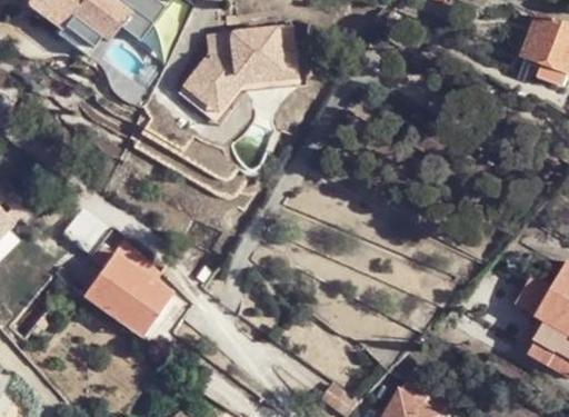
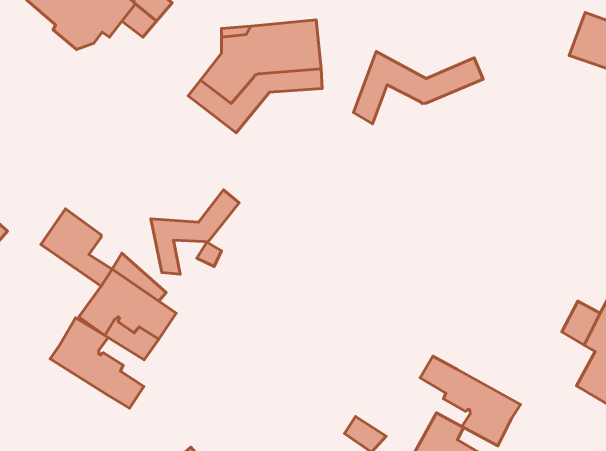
building: none -> [354,51,483,124]
building: none -> [151,190,239,274]
building: none -> [50,318,144,408]
building: none -> [420,356,520,446]

